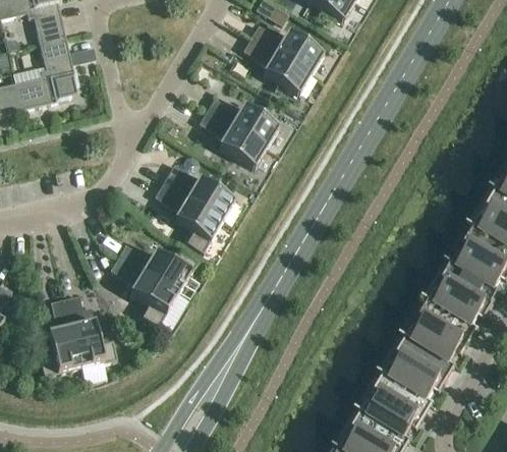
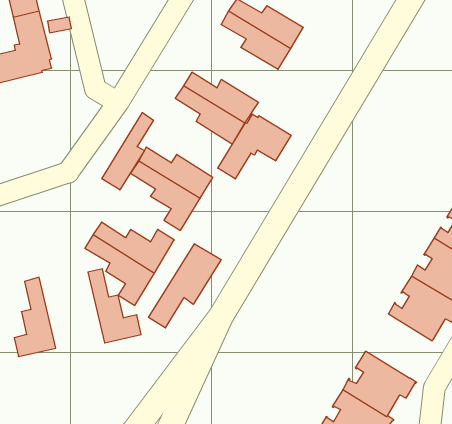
building: none -> [102,113,153,190]
building: none -> [218,114,291,179]
building: none -> [149,244,221,328]
building: [64,293,116,365] -> [88,269,141,343]
building: [384,332,456,395] -> none

